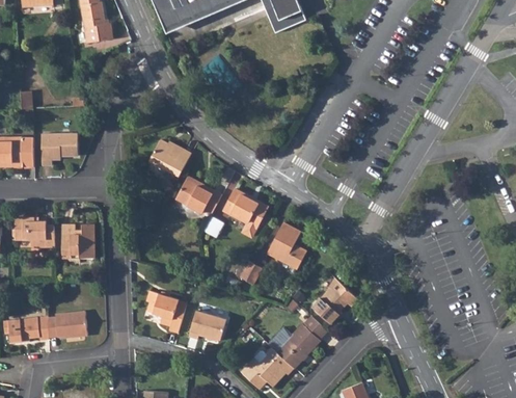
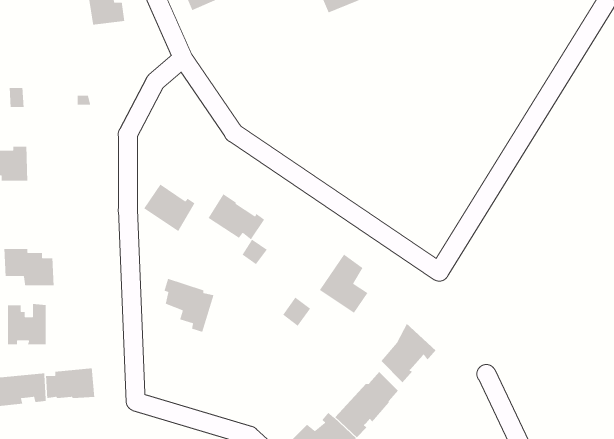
building: [40,133,77,165] -> none
building: [151,138,192,177] -> [143,184,196,232]
building: [225,184,272,234] -> none
building: [62,225,93,259] -> [7,303,47,345]
building: [147,288,188,331] -> [164,278,215,333]
building: [189,309,227,339] -> none

